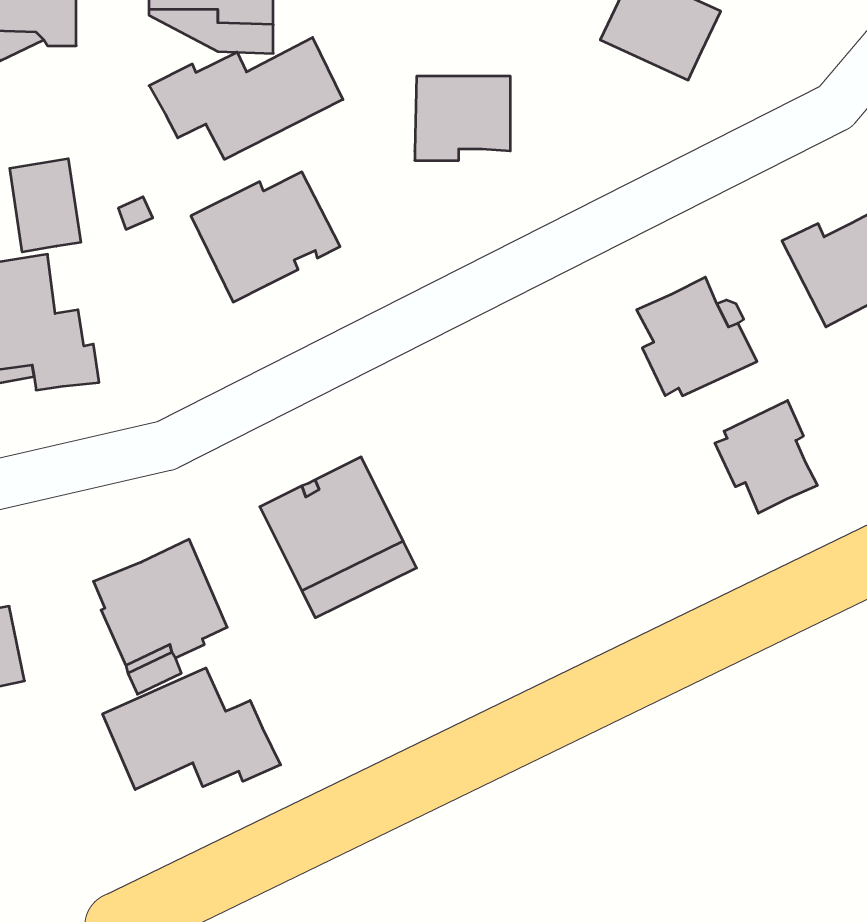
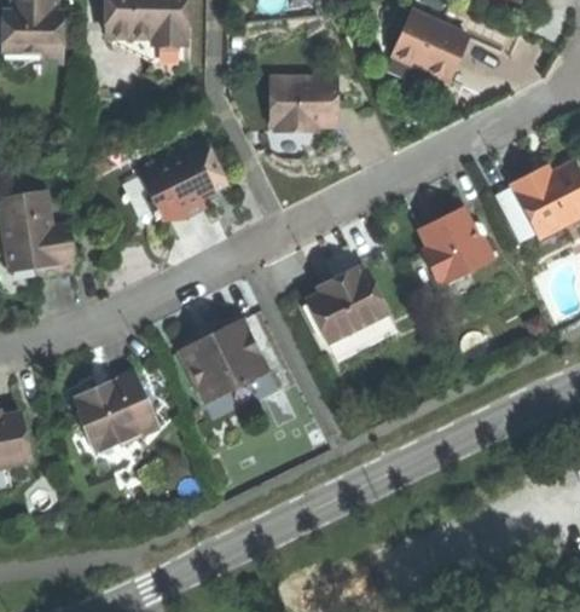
building: [149,37,343,159] -> none
building: [10,159,81,252] -> none
building: none -> [307,267,388,340]
building: [715,400,817,513] -> none
building: [103,668,281,790] -> none

